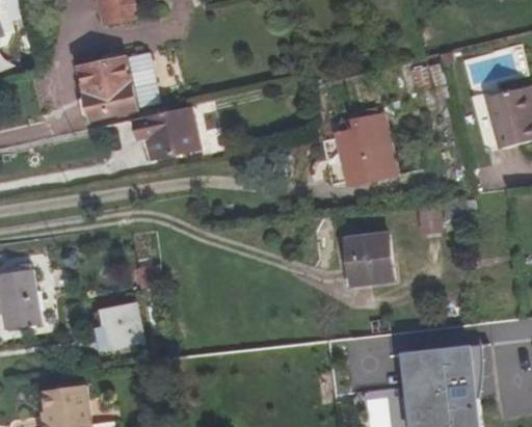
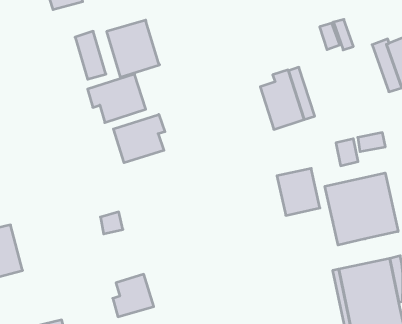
building: [79,56,137,119] -> [107,20,160,77]
building: none -> [113,114,165,163]
building: none -> [325,173,398,245]
building: [97,302,143,349] -> [113,274,154,317]

